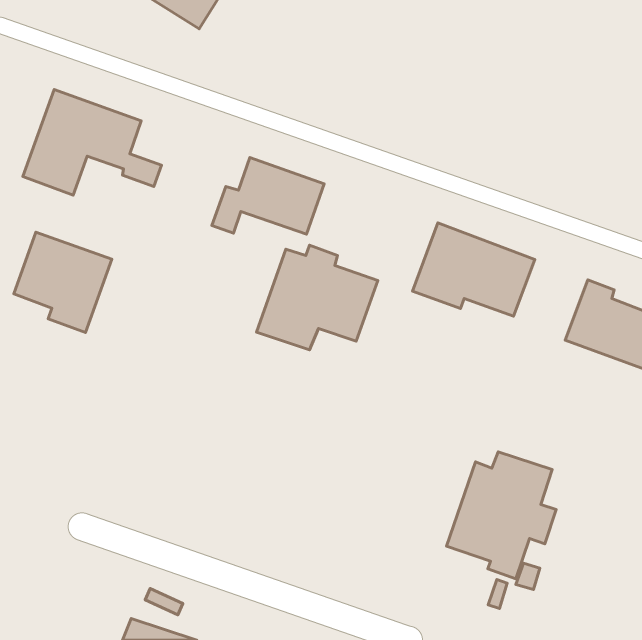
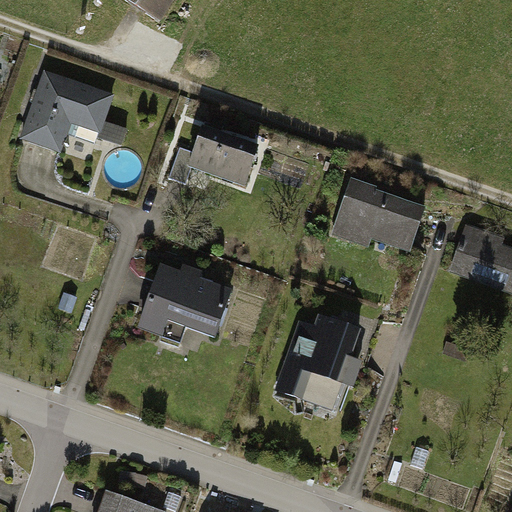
building: [14,232,112,333] -> none
building: [257,245,378,350] -> [137,260,233,343]
building: [446,452,556,579] -> [276,313,363,414]

